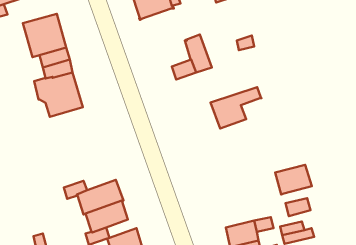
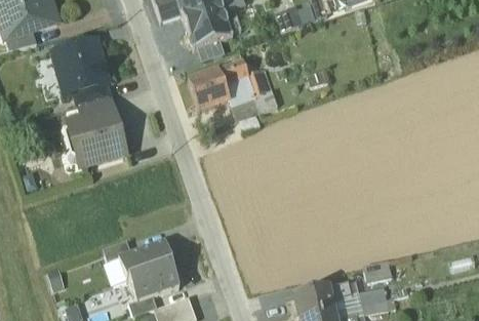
building: [211,87,262,129] -> [189,61,249,110]
building: [275,165,312,194] -> none

